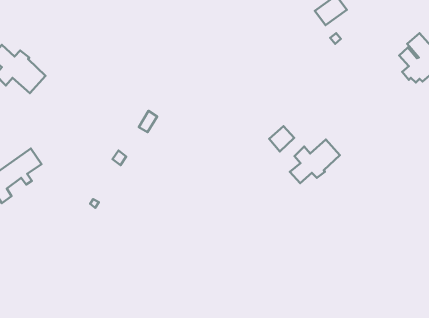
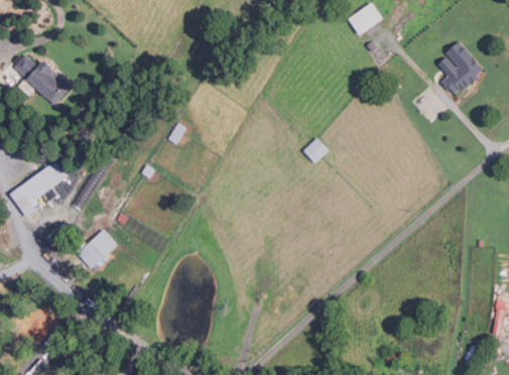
building: [290,140,340,183] -> none
building: none -> [76,230,117,270]

